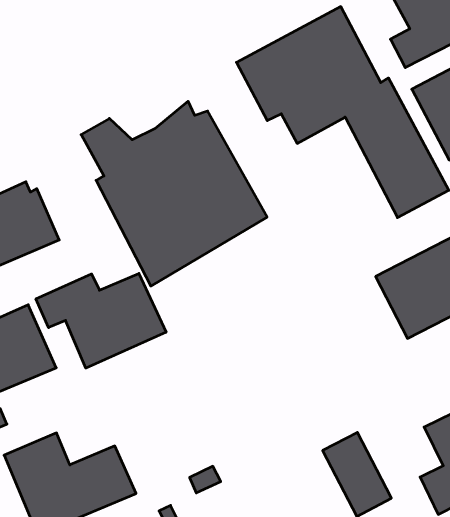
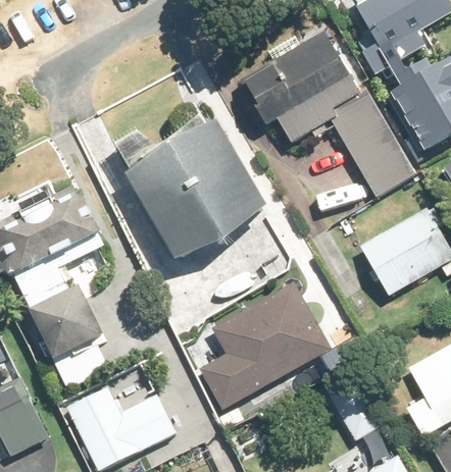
building: [36,273,166,368] -> none
building: none -> [199,284,330,411]

